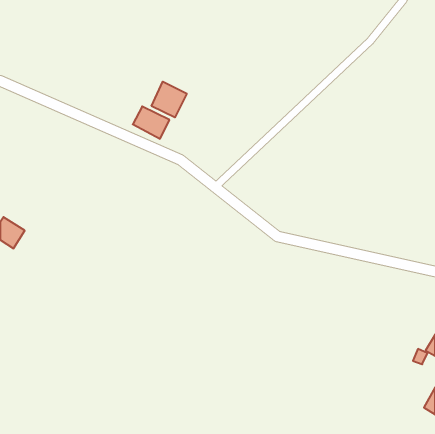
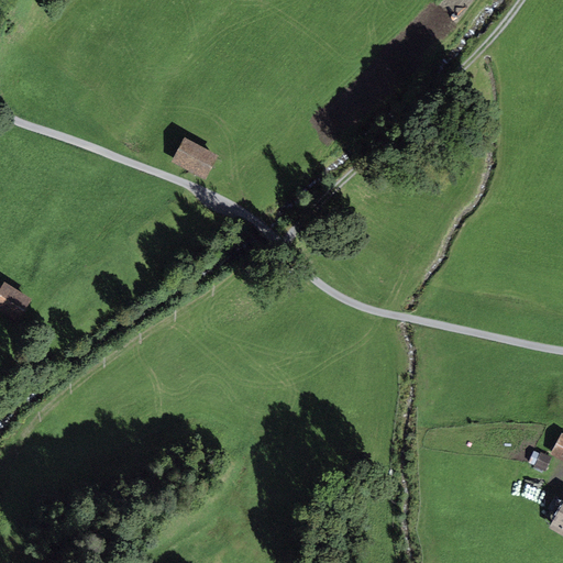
building: [152,82,187,117] -> none

